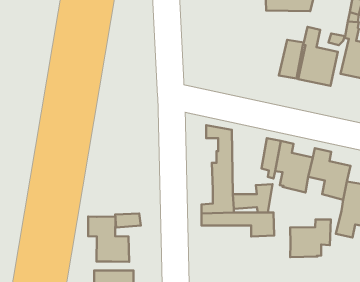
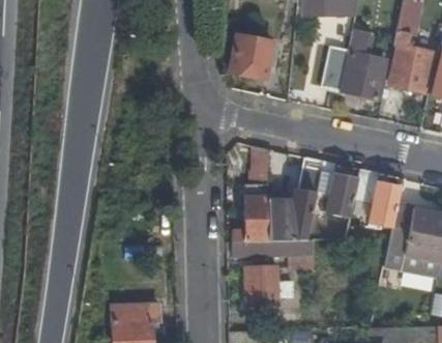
building: none -> [229,35,272,80]
building: [88,216,129,262] -> none
building: [290,219,331,257] -> none
building: none -> [245,260,278,306]

